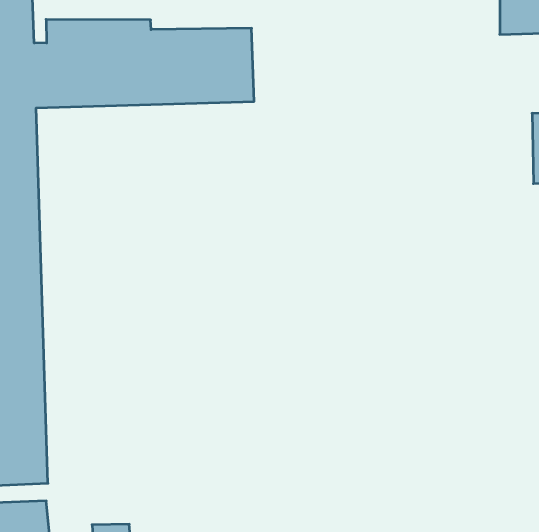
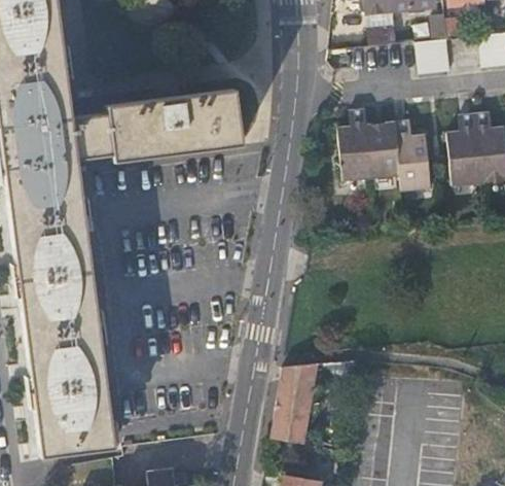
building: none -> [335,112,431,193]
building: none -> [274,363,311,443]

